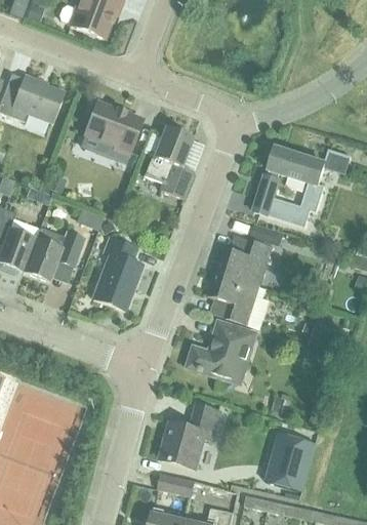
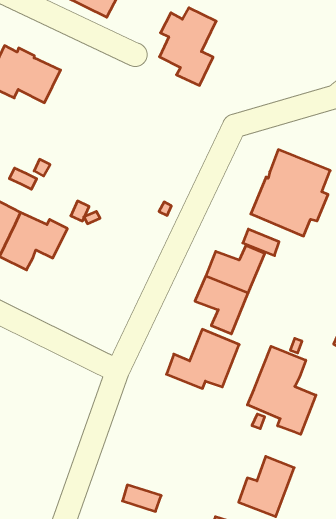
building: [84,102,141,158] -> none
building: [141,126,193,198] -> [159,8,216,85]
building: [92,237,141,311] -> none
building: none -> [247,346,316,434]
building: [161,404,220,469] -> none

